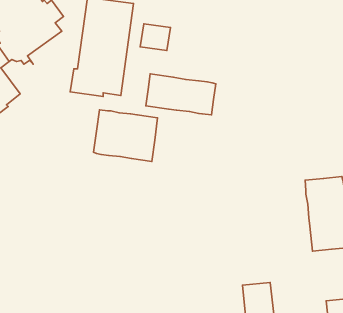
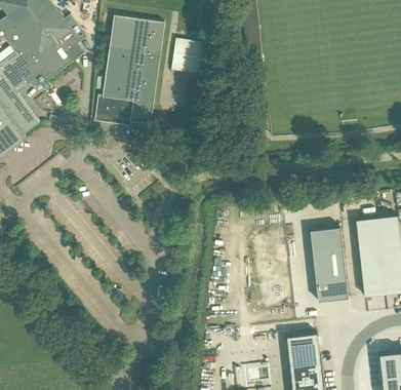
building: [146,74,216,115] -> none
building: [94,110,158,161] -> none
building: none -> [311,226,350,301]

